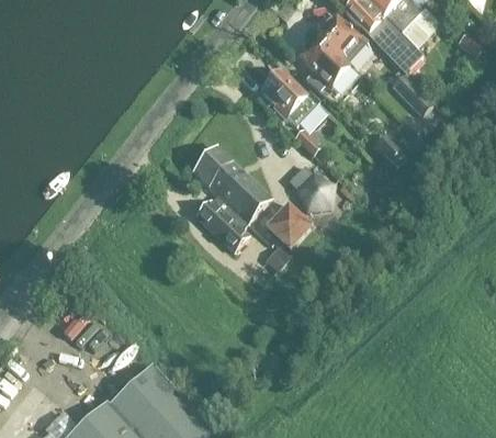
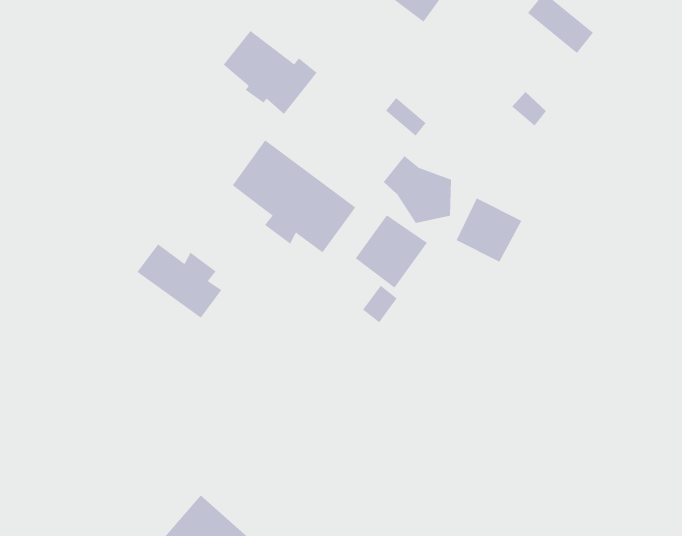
building: [260,70,319,126] -> [223,30,318,115]
building: none -> [456,198,522,263]
building: [194,199,247,249] -> [137,243,222,318]

